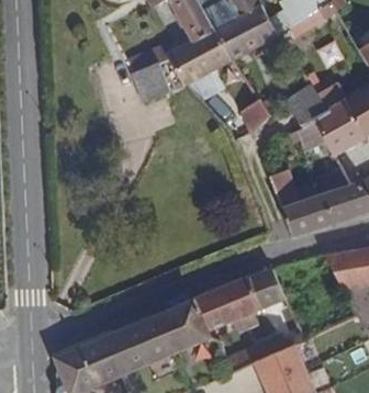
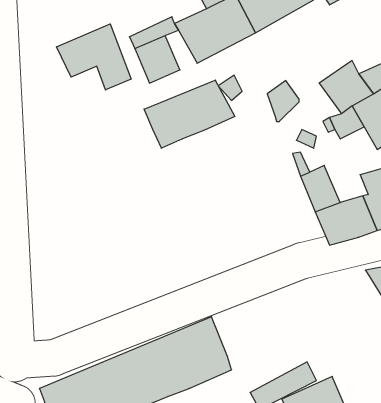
building: none -> [57,24,131,90]
building: none -> [144,80,235,148]
building: [194,265,284,328] -> none

